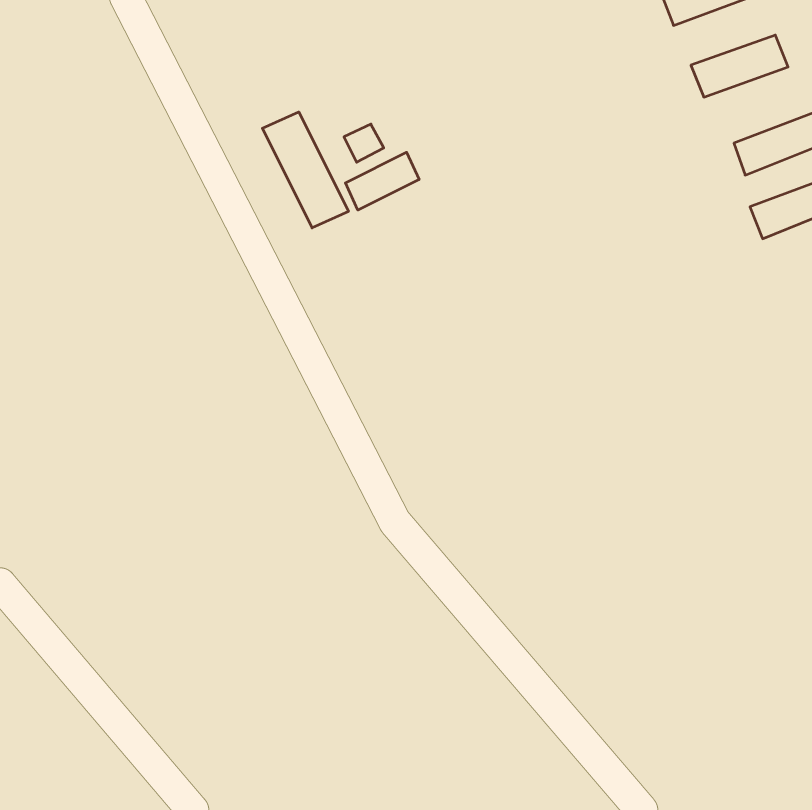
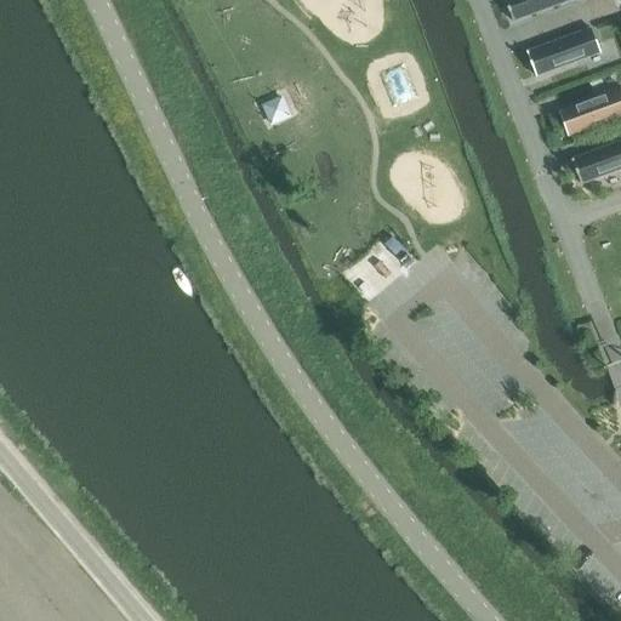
building: [262,112,348,228] -> none
building: [345,152,419,210] -> none

